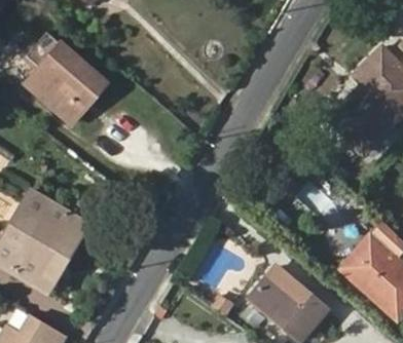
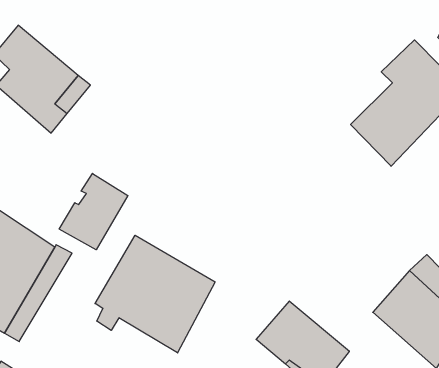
building: none -> [59,173,128,250]
building: none -> [95,235,215,353]

